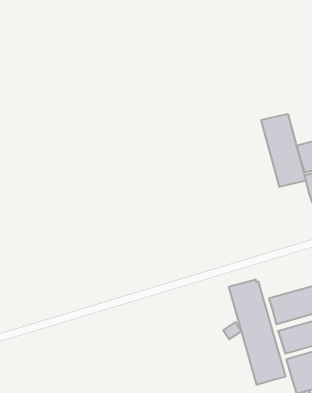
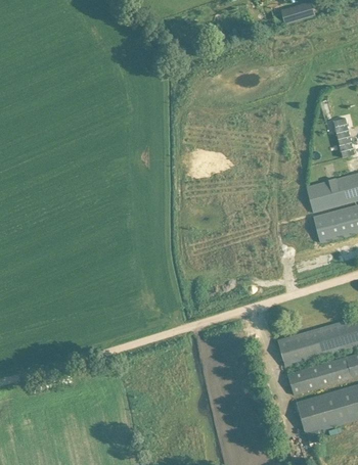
building: [261,114,306,187] -> none
building: [229,279,285,385] -> none

